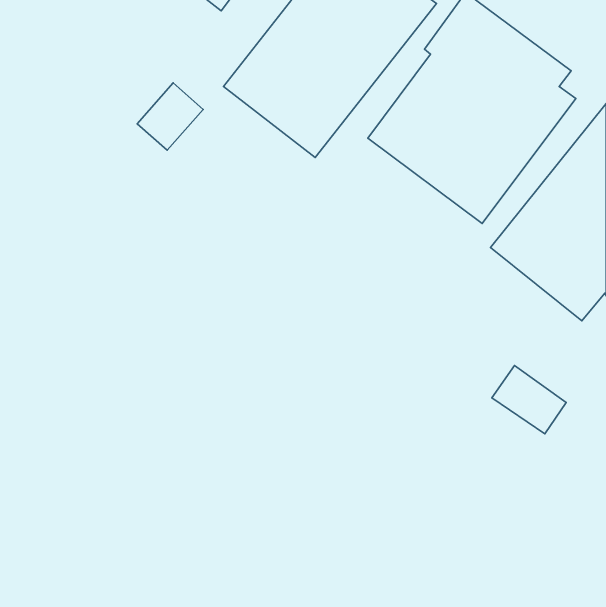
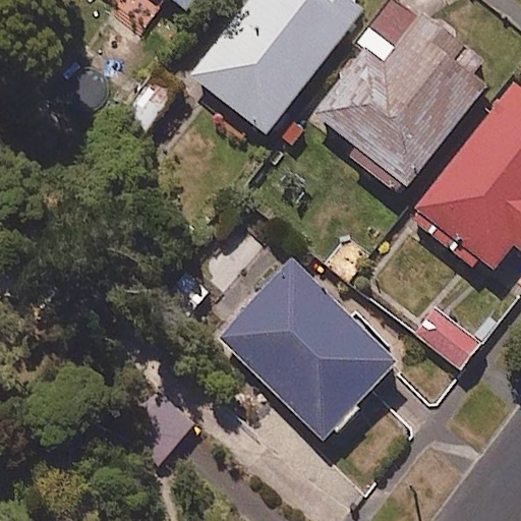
building: none -> [209,258,400,441]

